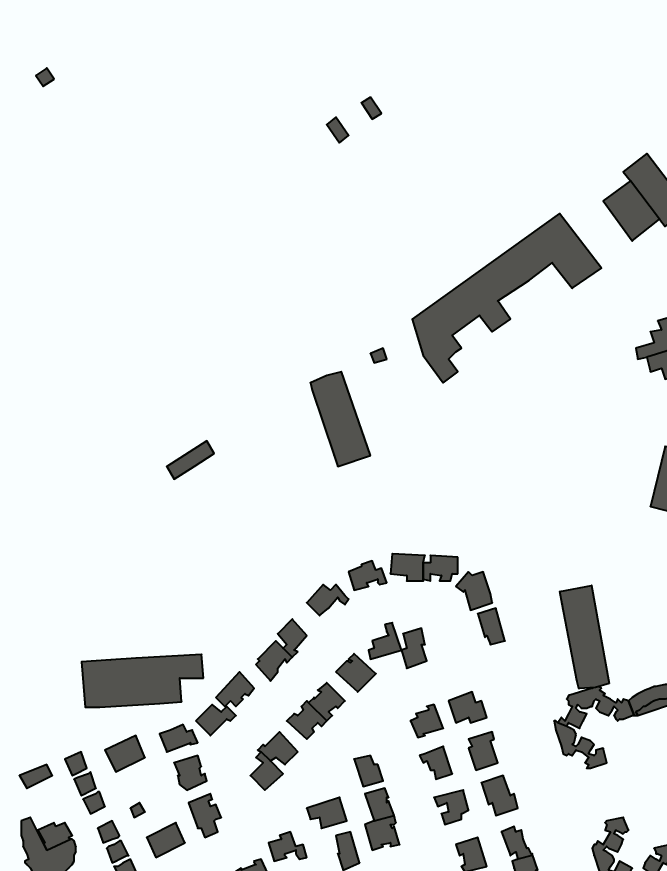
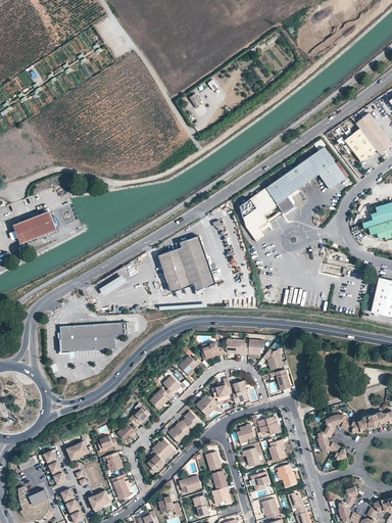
building: none -> [13,211,56,242]
building: none -> [158,246,194,291]
building: [560,585,609,689] -> none
building: [82,654,203,707] -> [59,322,128,351]

